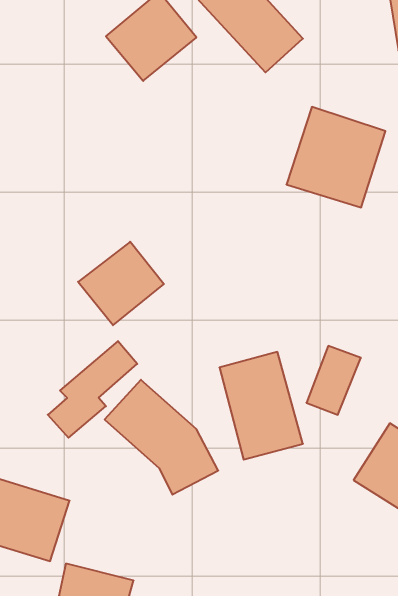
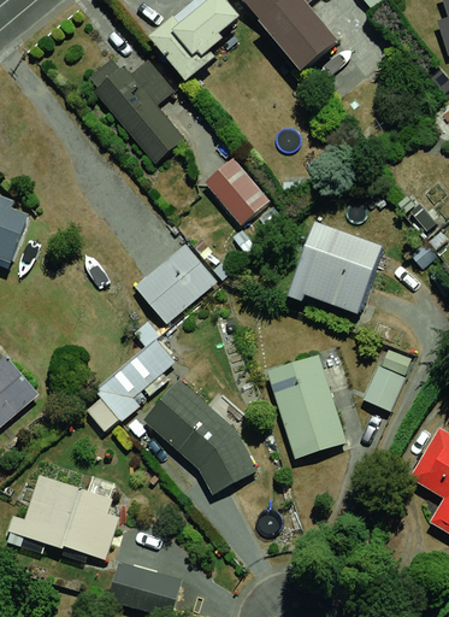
building: none -> [93,60,179,164]
building: [286,107,385,207] -> [294,219,392,319]
building: none -> [197,154,267,227]

